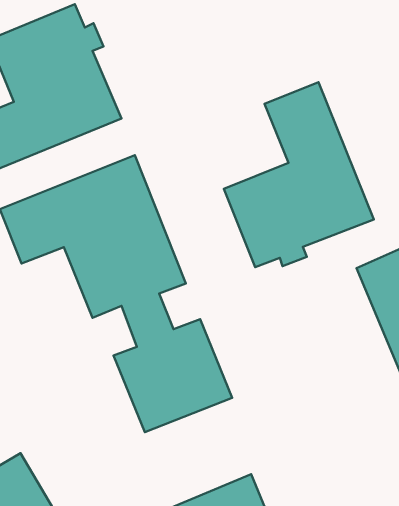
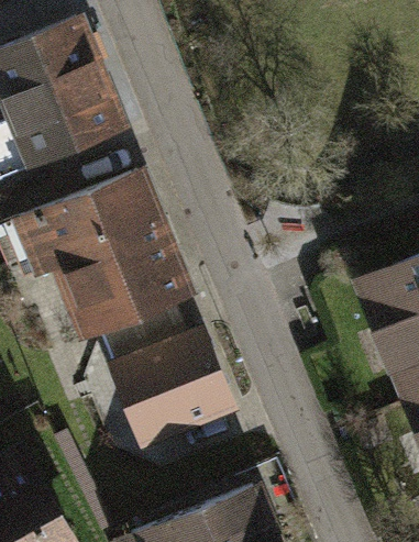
building: [224,82,374,267] -> none

